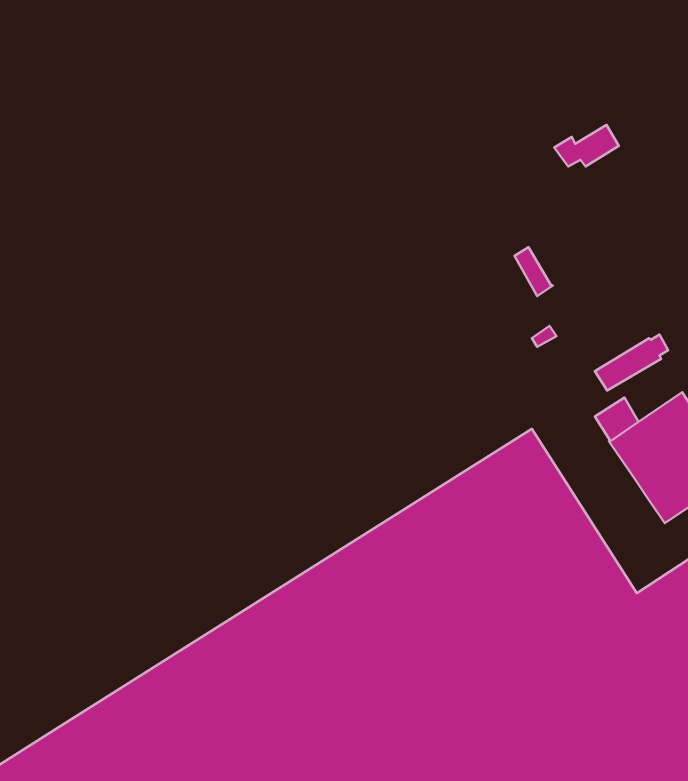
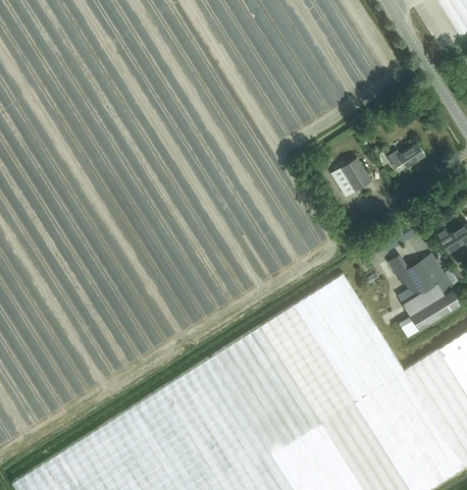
building: [554,125,619,167] -> [387,144,425,168]
building: none -> [341,158,371,192]

